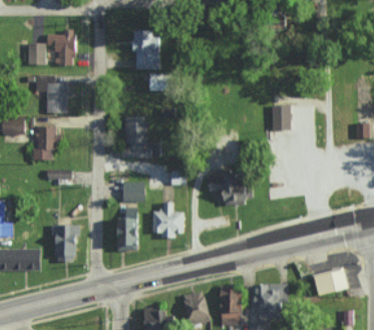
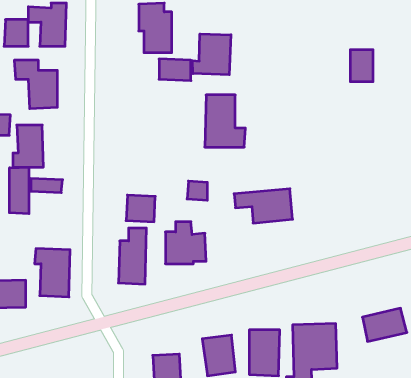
building: none -> [192,34,231,75]
building: [275,106,293,131] -> [350,50,373,82]
building: [123,116,155,157] -> [205,95,245,147]
building: none -> [9,167,29,214]

